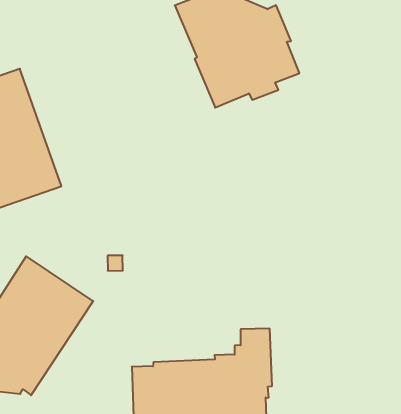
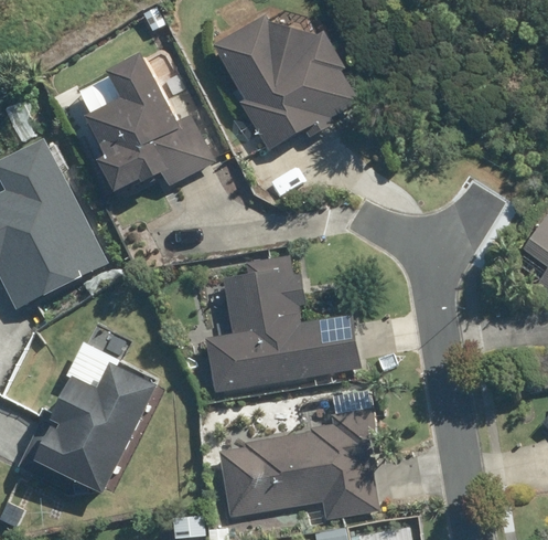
building: none -> [87,60,214,193]
building: none -> [200,255,354,390]

